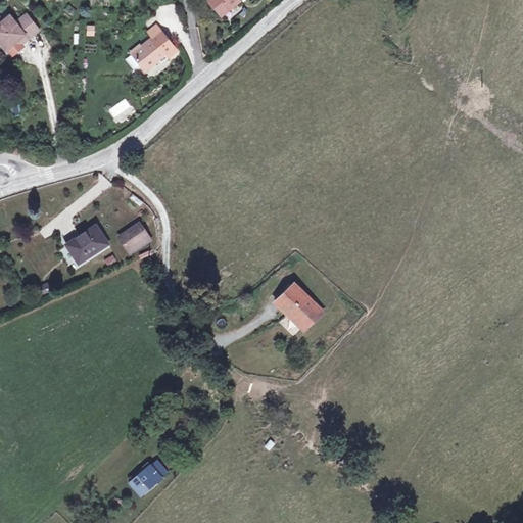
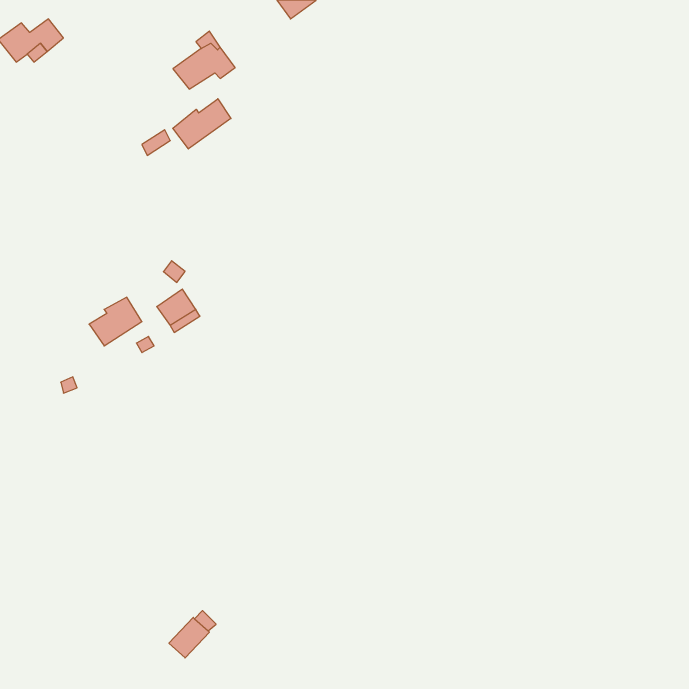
building: none -> [173,99,231,149]
building: [274,286,319,330] -> none

